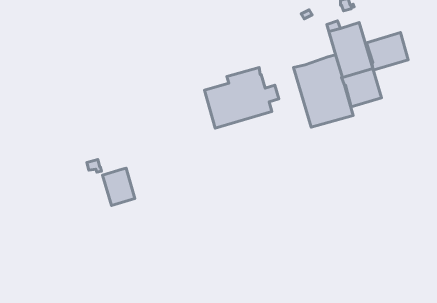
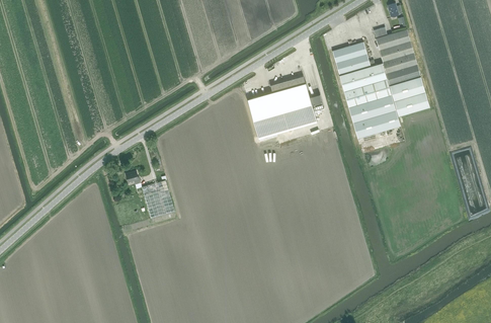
building: [367,33,408,70] -> none
building: none -> [332,42,375,74]

